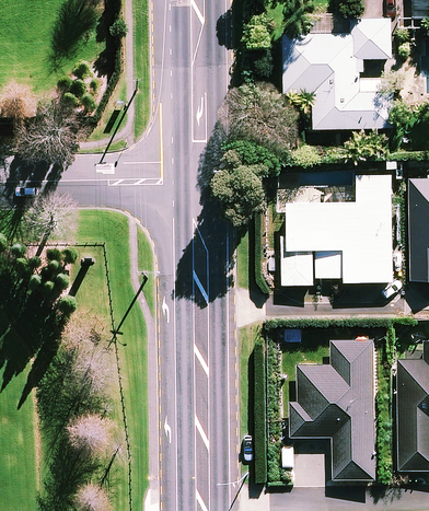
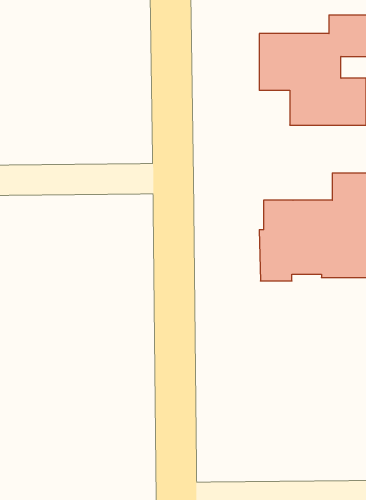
building: [290,339,374,479] -> none

